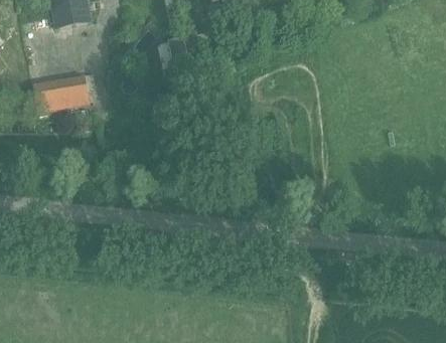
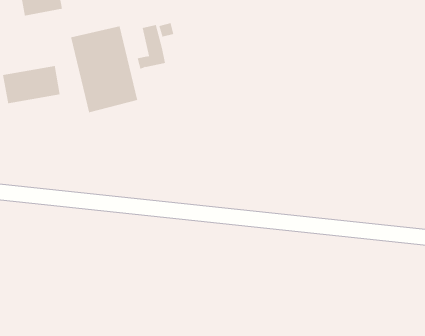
building: none -> [71,25,138,113]

